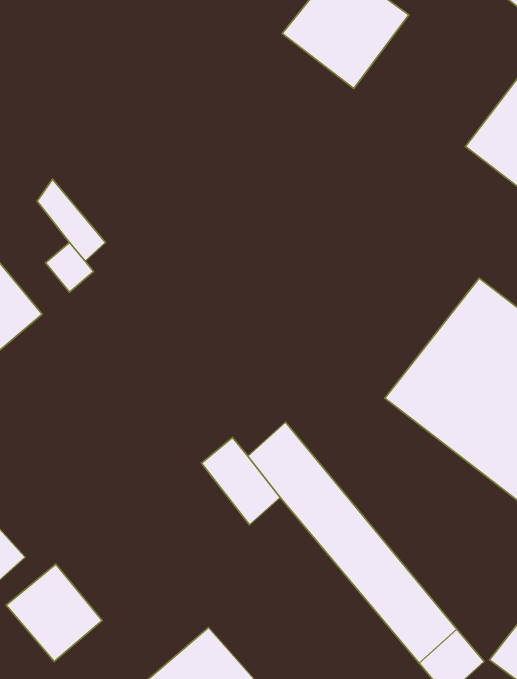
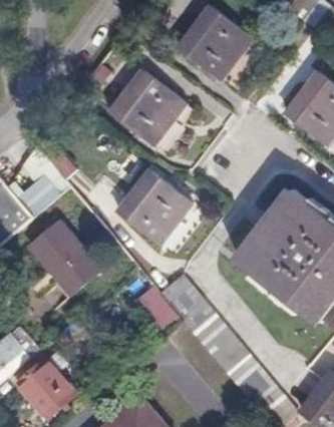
building: none -> [109,70,183,144]
building: none -> [116,171,190,245]
building: none -> [30,221,96,291]

